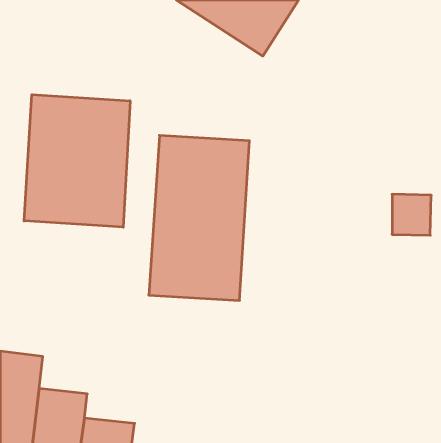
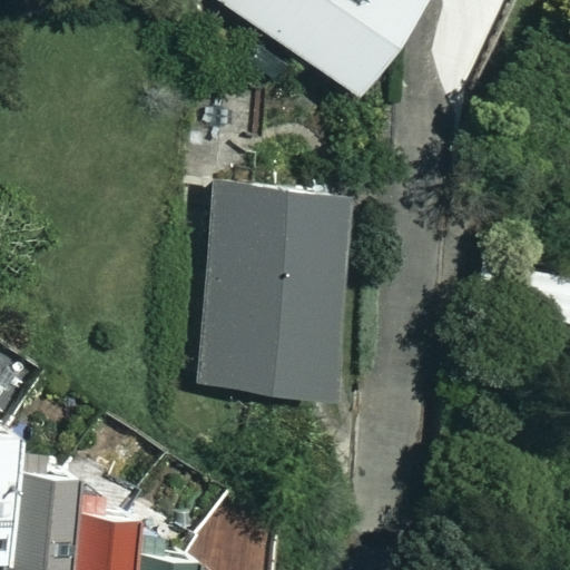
building: [24,95,130,227] -> none

